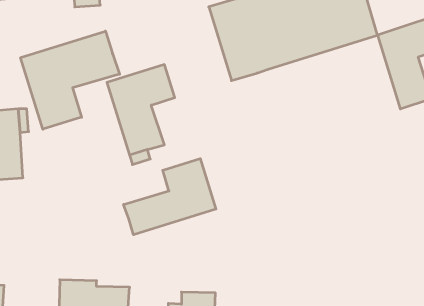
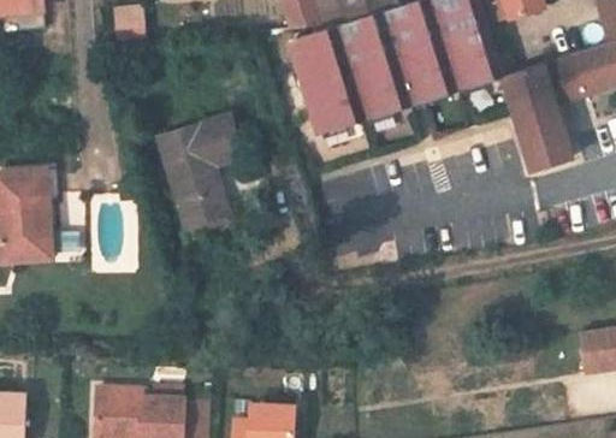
building: [21,31,120,129] -> none
building: [124,159,216,235] -> none

